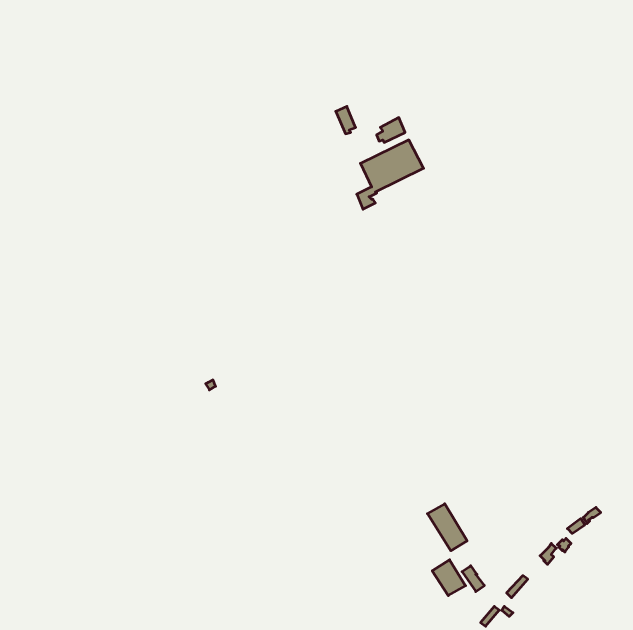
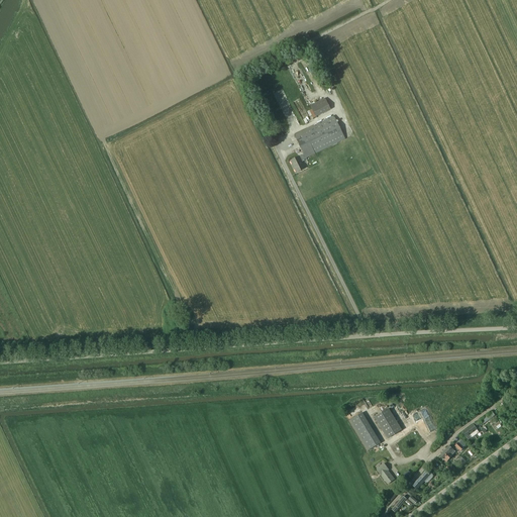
building: [432,560,466,596] -> [375,407,402,436]

